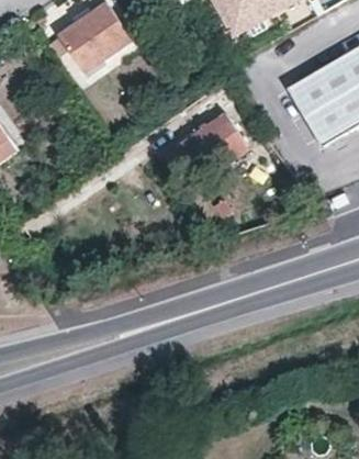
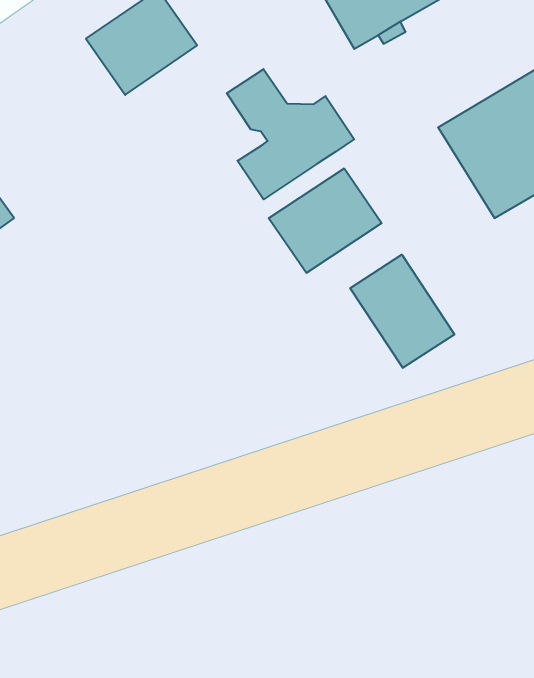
building: none -> [227,69,354,199]
building: none -> [350,255,454,368]

